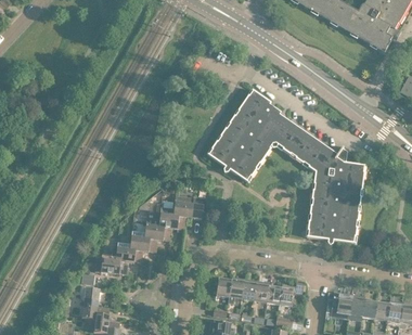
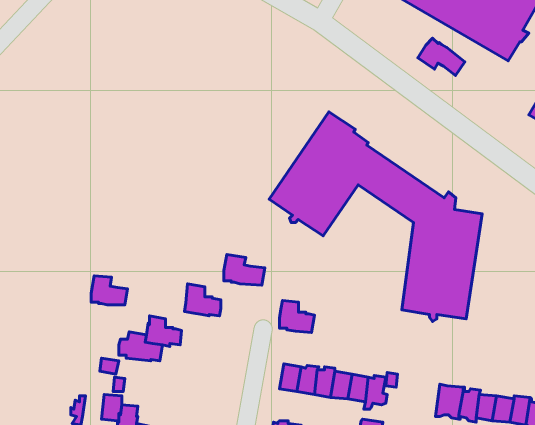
building: none -> [418,38,465,76]
building: [158,206,184,230] -> [280,301,315,333]
building: [129,230,156,252] -> [91,276,128,305]

